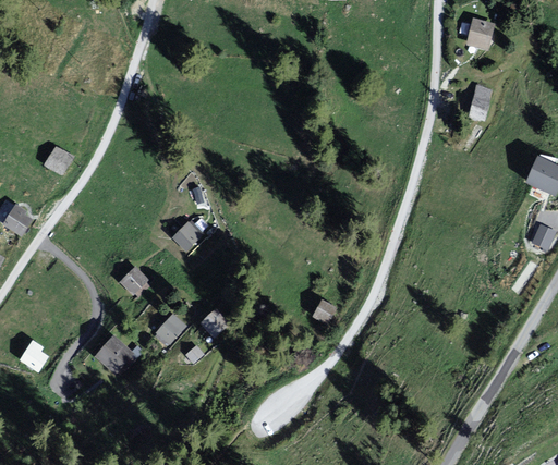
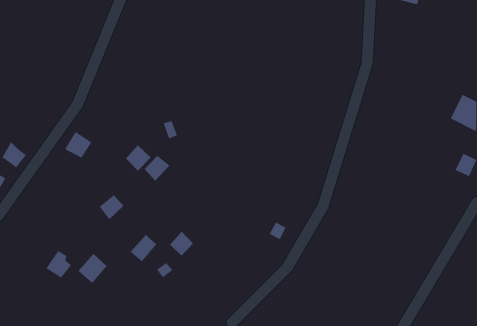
building: [469,83,492,120] -> none
building: [43,146,75,178] -> [64,131,92,158]
building: none -> [125,144,151,171]
building: [16,340,47,372] -> [46,250,72,278]

